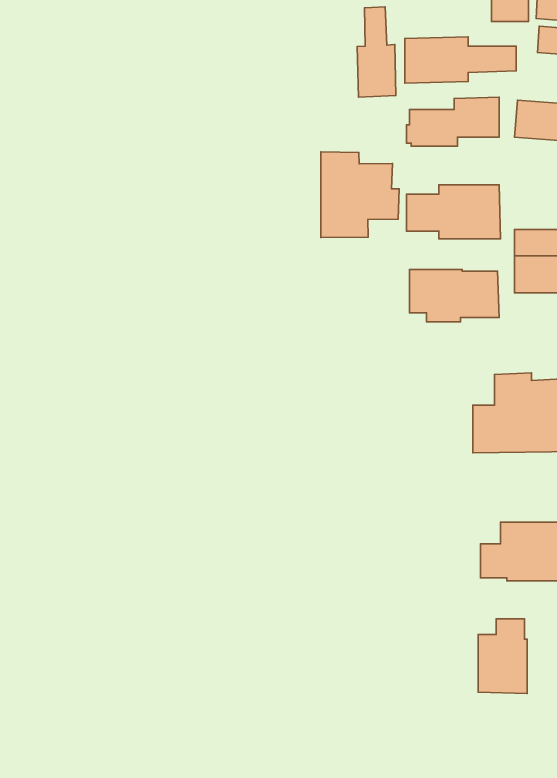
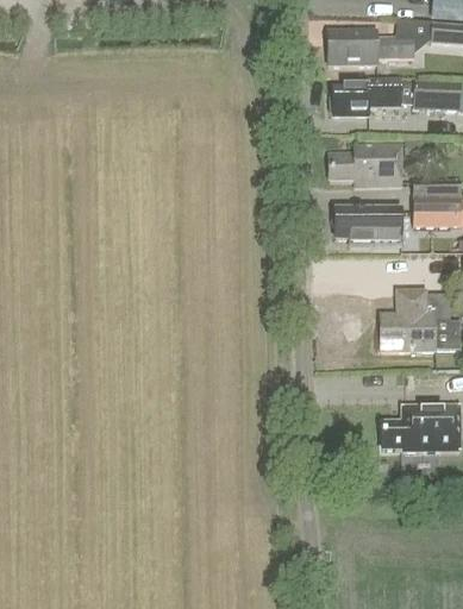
building: [357,7,396,97] -> none
building: [321,152,399,238] -> none
building: [478,619,527,694] -> none

